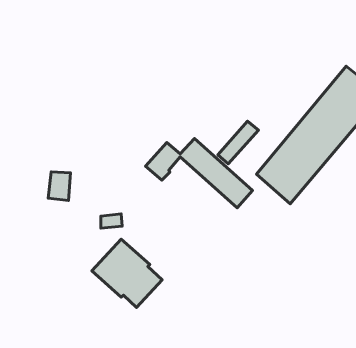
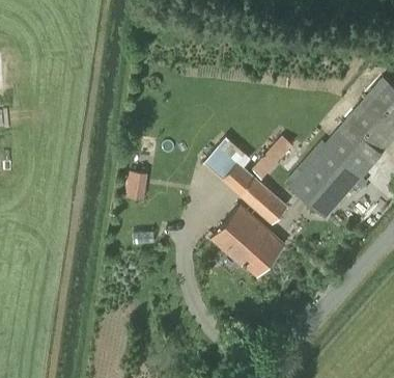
building: [48,172,71,200] -> [123,168,146,197]
building: [92,239,162,307] -> [210,206,282,275]

